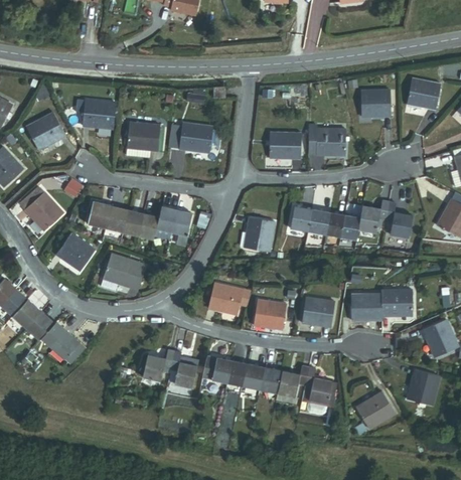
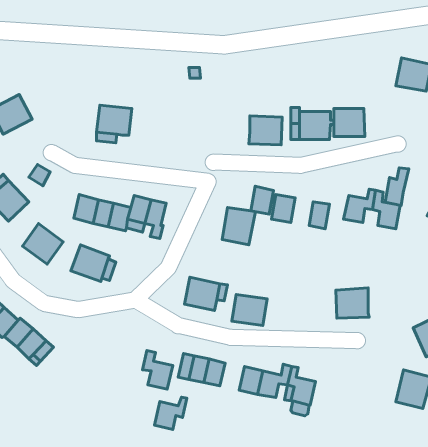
building: [361,90,391,116] -> [334,109,365,137]
building: [83,100,114,128] -> none
building: [178,122,211,151] -> none
building: [87,201,110,227] -> none
building: [340,205,362,241] -> [385,168,409,205]
building: [308,208,329,234] -> [251,186,273,214]
building: [379,288,412,316] -> none
building: [300,296,333,327] -> none
building: [143,350,173,380] -> [154,397,187,429]
building: [242,363,265,388] -> none
building: [355,391,395,430] -> none

